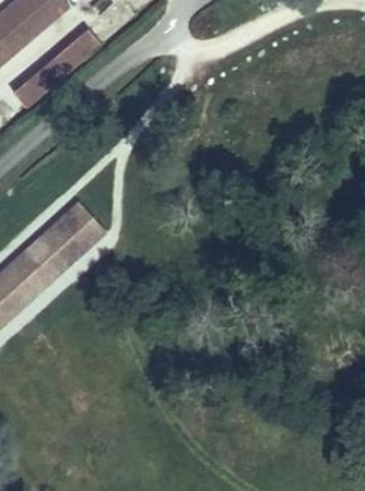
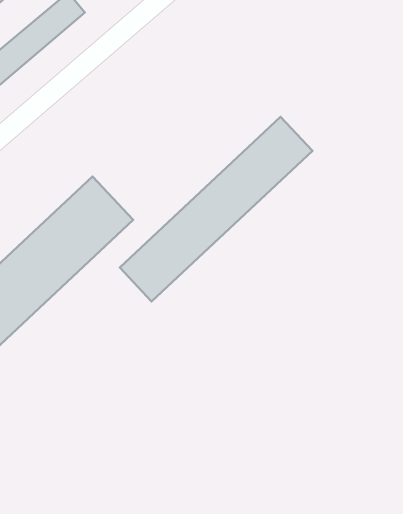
building: none -> [120,117,312,302]

